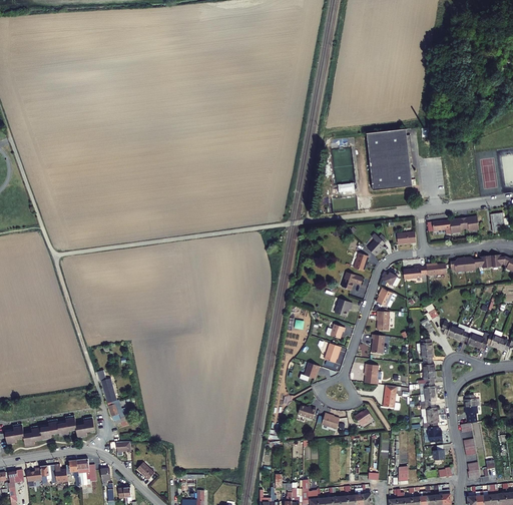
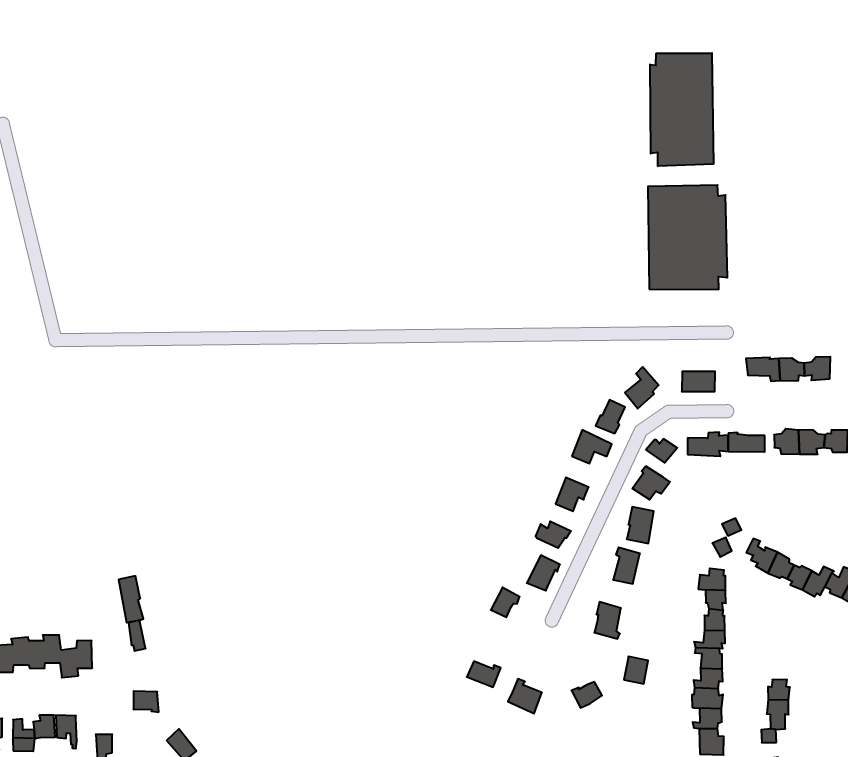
building: none -> [650,53,713,166]

